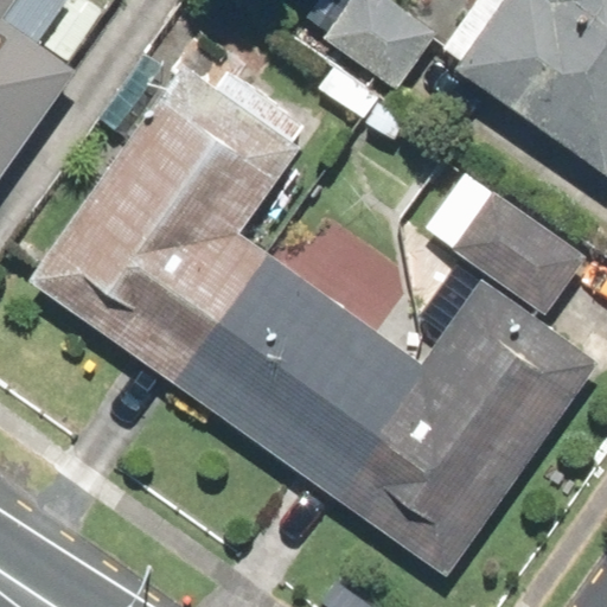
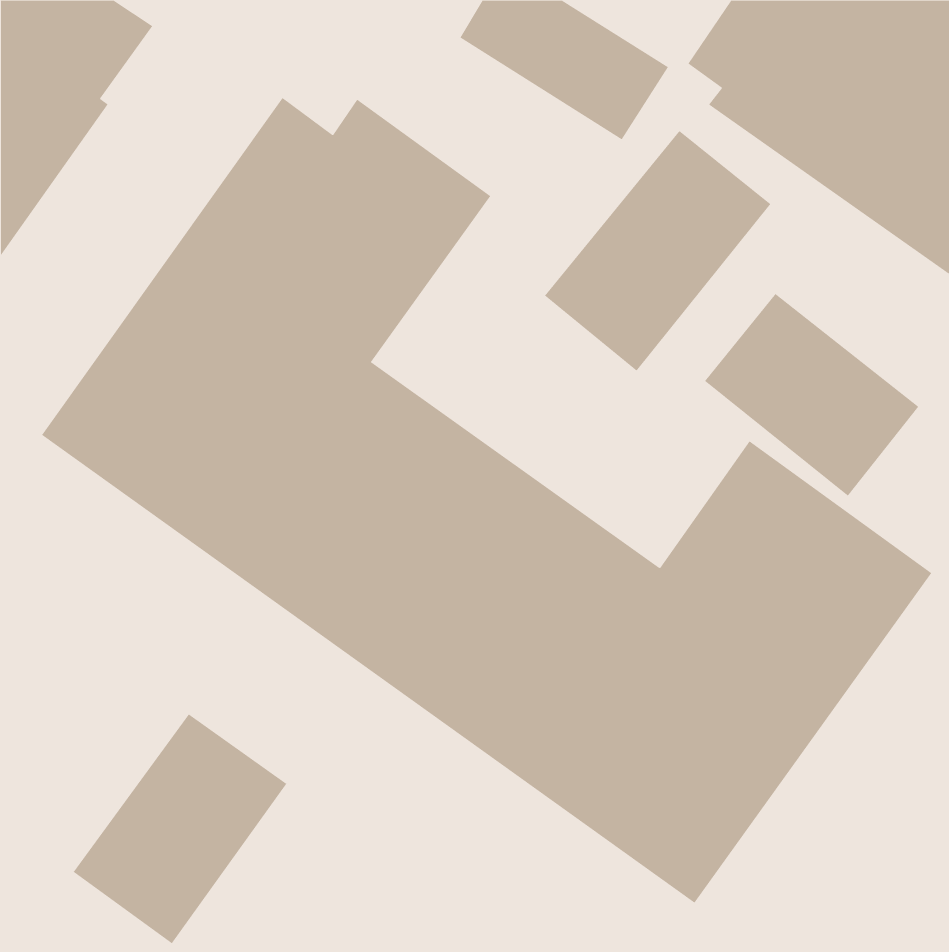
building: none -> [544,130,771,371]
building: none -> [73,713,287,944]

